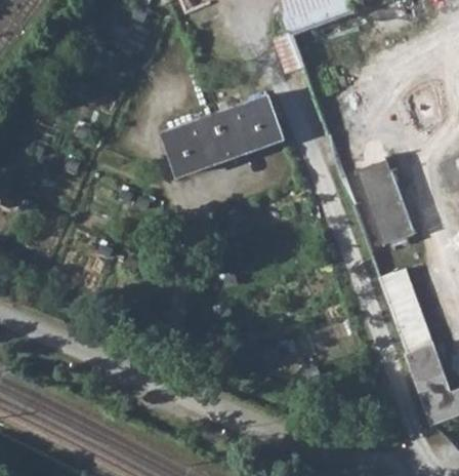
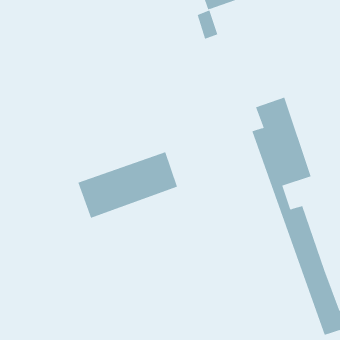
building: [166,96,286,176] -> [78,152,178,218]

